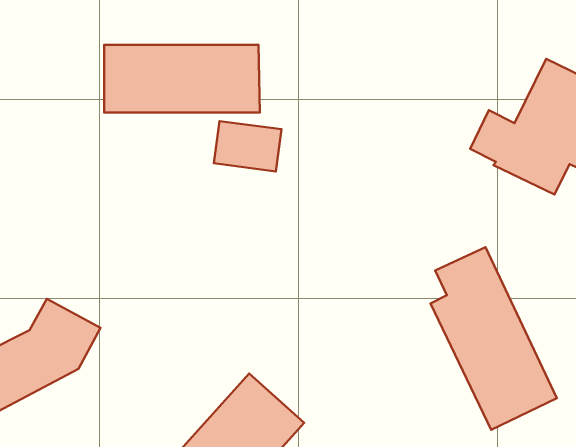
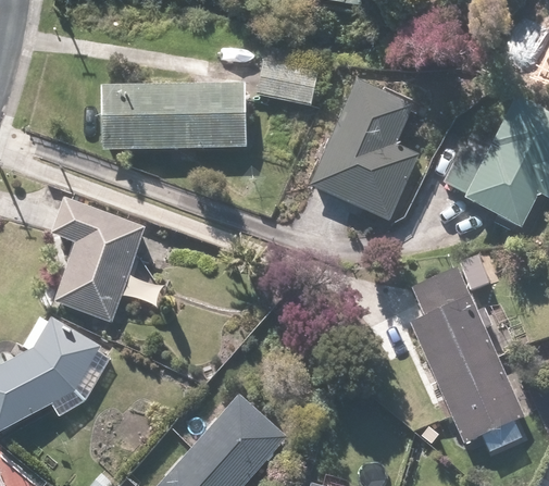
building: none -> [309,78,419,221]
building: [214,121,282,171] -> [258,61,321,108]
building: none -> [54,197,147,321]

